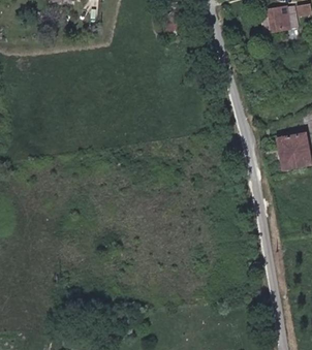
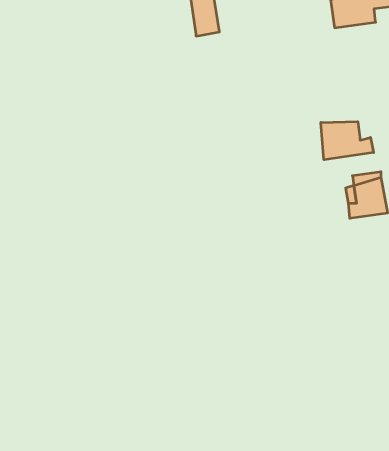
building: none -> [321,122,374,160]

